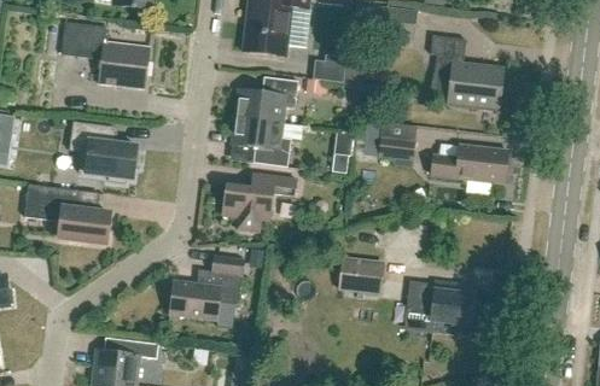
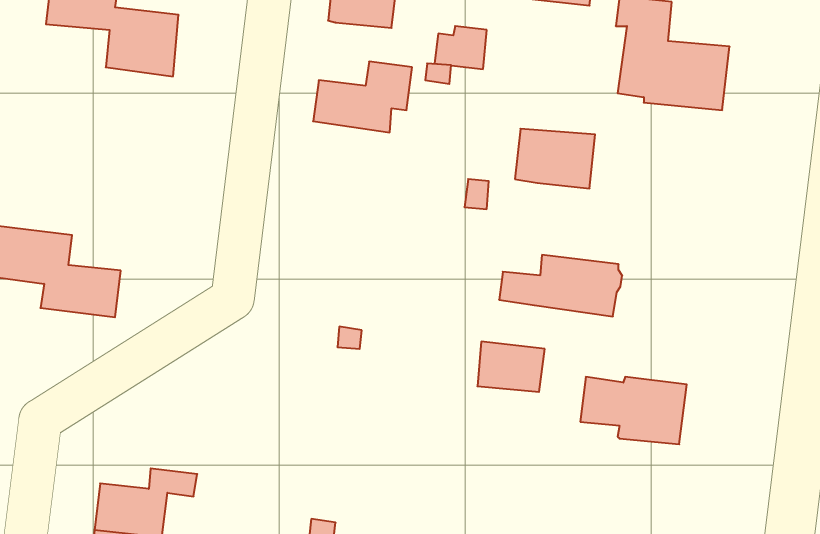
building: [232,116,291,166] -> none
building: [69,121,141,182] -> none
building: [431,144,511,183] -> [499,255,622,316]
building: [222,172,297,232] -> none
building: [169,256,244,320] -> none

